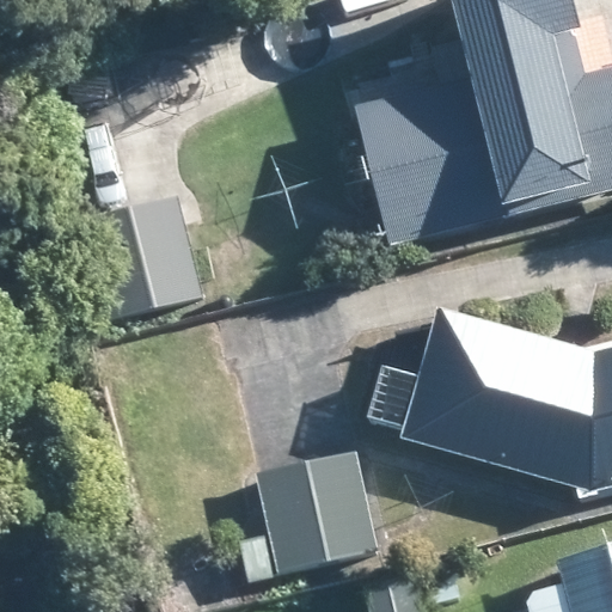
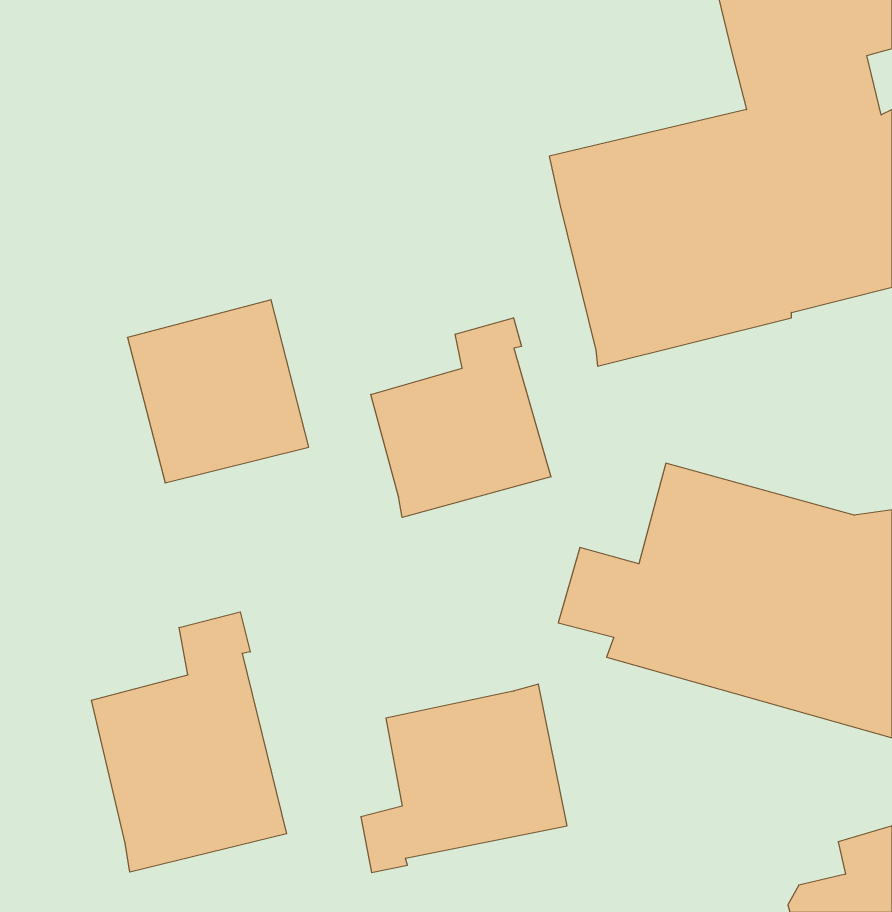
building: none -> [371,318,551,517]
building: none -> [92,612,287,872]

